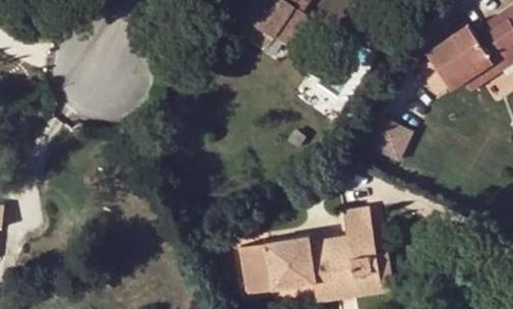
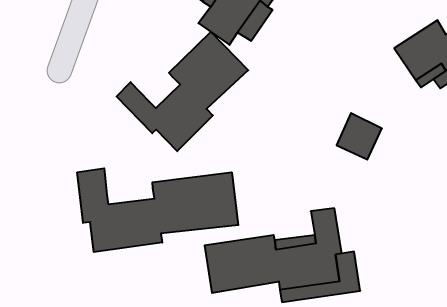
building: none -> [117,32,248,151]
building: none -> [77,168,238,252]

